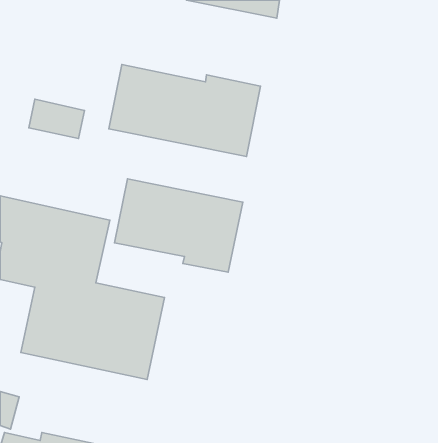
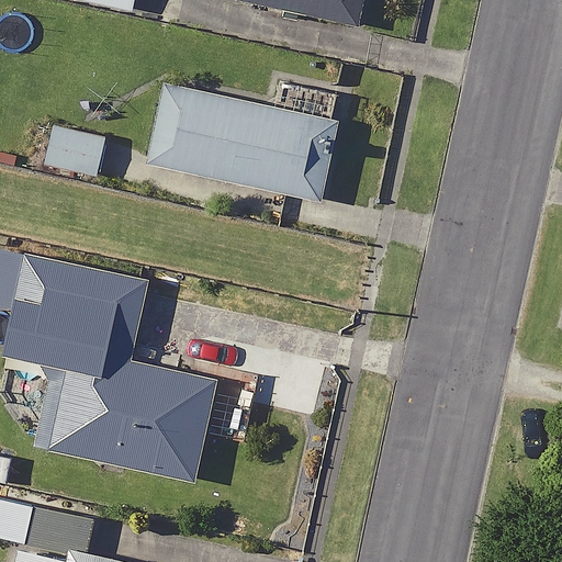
building: [114,179,243,272] -> none

